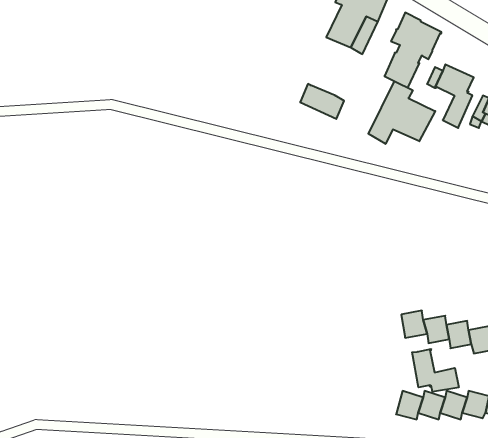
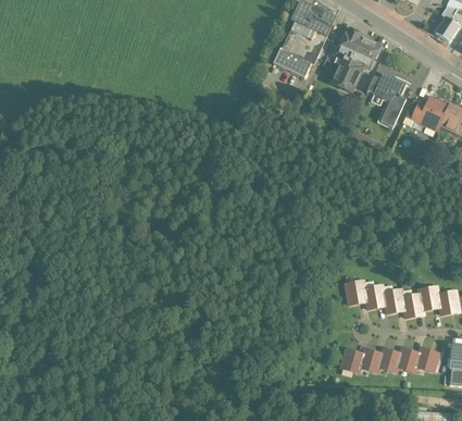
building: [368,81,435,144] -> none
building: [300,84,344,119] -> [274,49,311,78]
building: [412,349,459,392] -> none

